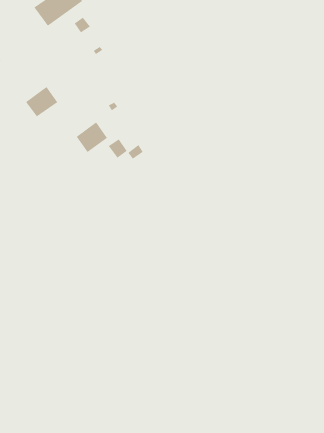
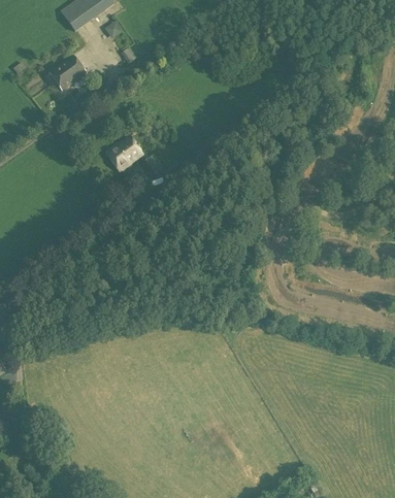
building: [25,86,58,117] -> [51,56,87,90]

